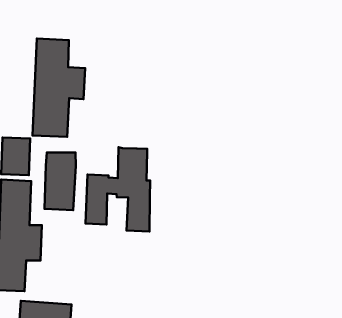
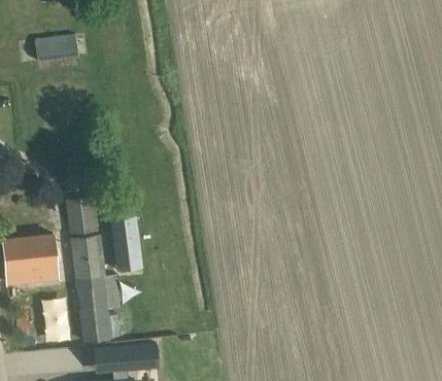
building: [33,39,85,137] -> none
building: [86,147,150,231] -> none

